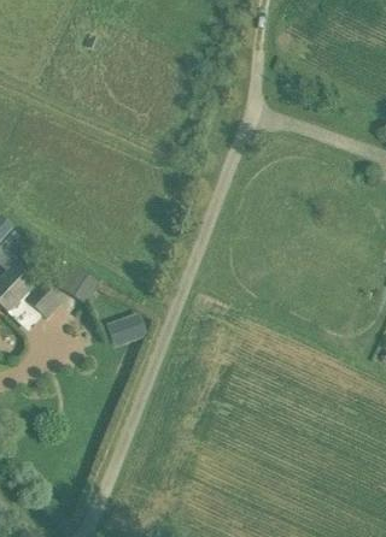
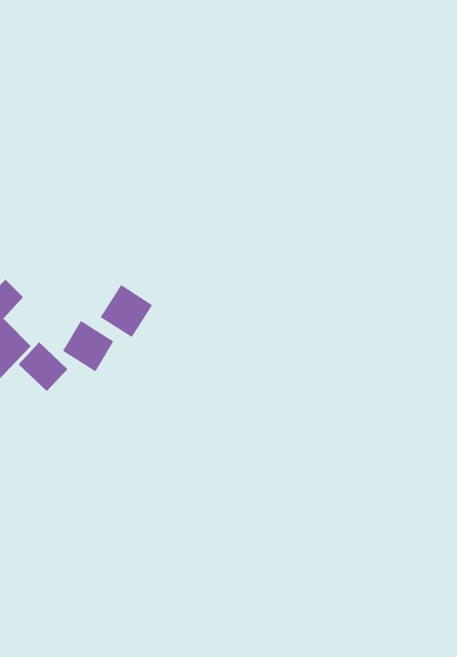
building: none -> [100,284,153,338]
building: [109,312,147,344] -> none

